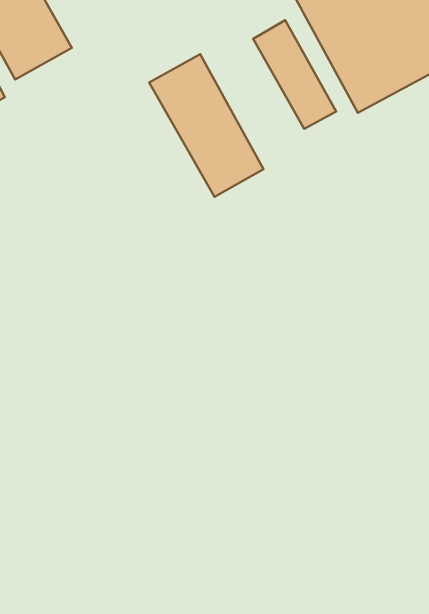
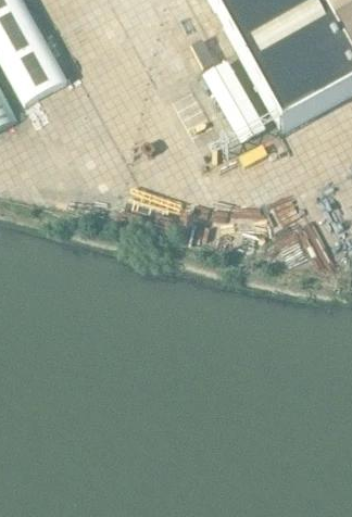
building: [149,54,263,197] -> none

